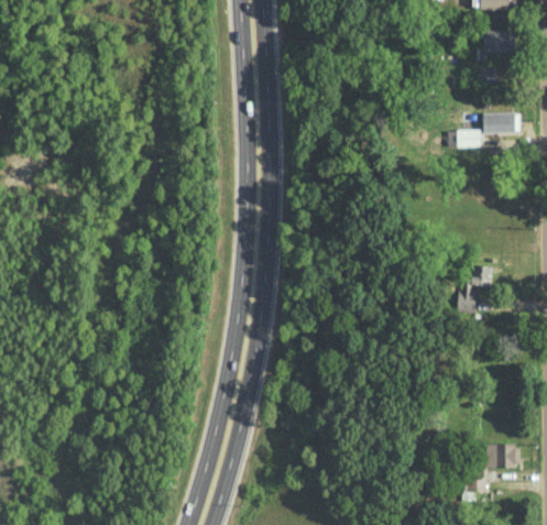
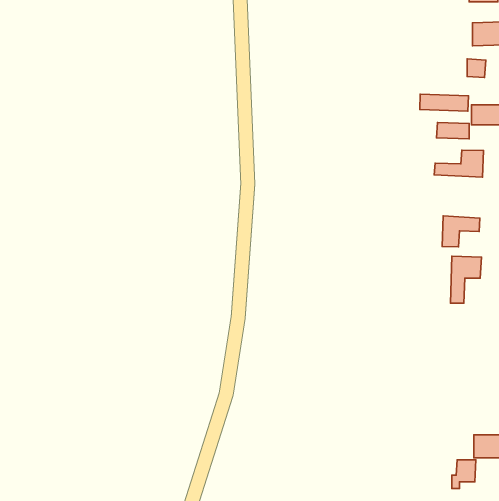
building: none -> [420,94,469,111]
building: none -> [434,150,483,177]
building: none -> [442,216,480,247]

